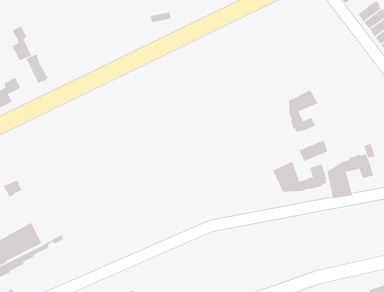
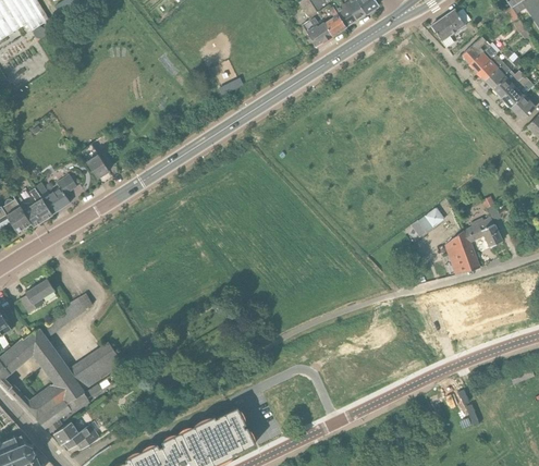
building: [12,26,32,61] -> none
building: [289,90,319,133] -> none
building: [272,161,327,192] -> none

